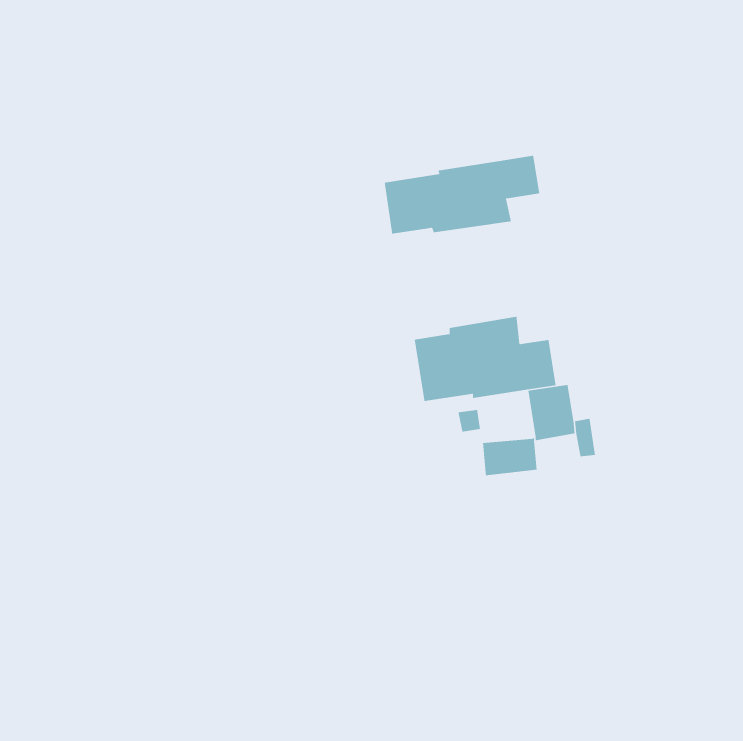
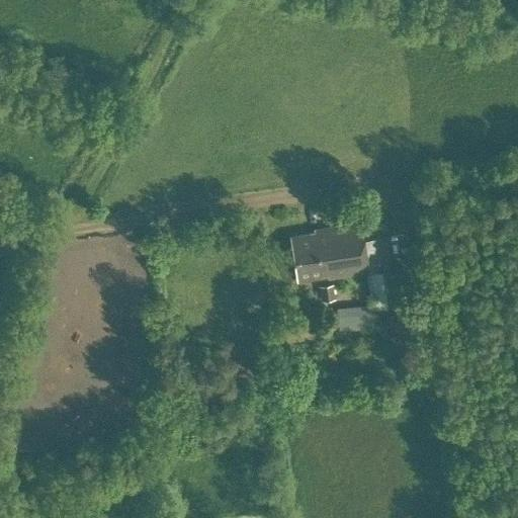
building: [384,155,540,235] -> none

